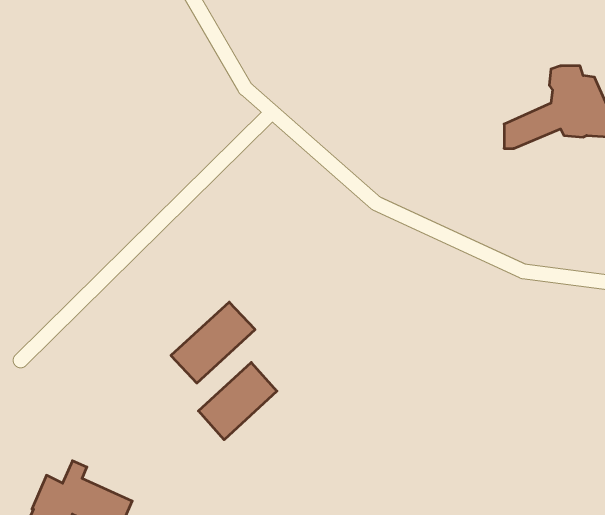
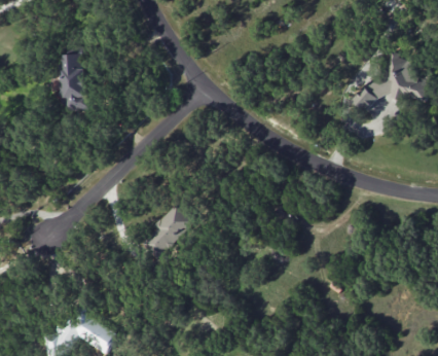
building: none -> [59,55,87,110]
building: [198,362,277,440] -> none

